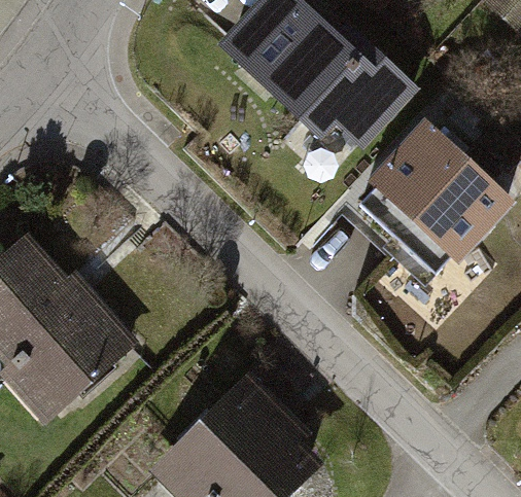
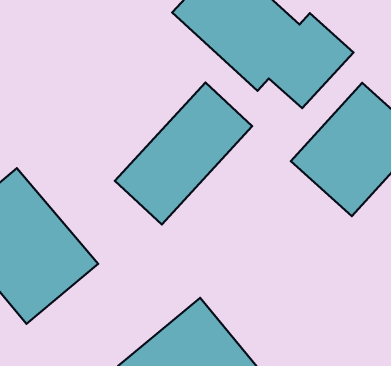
building: none -> [115,82,252,225]

